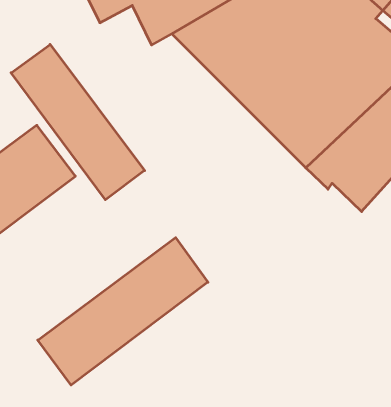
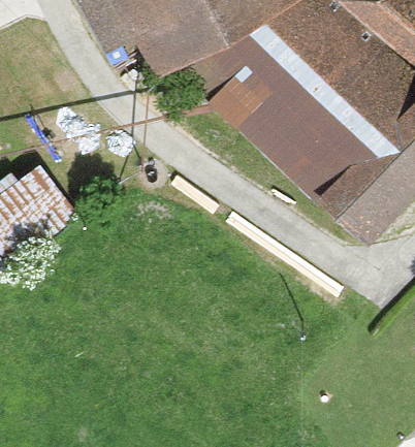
building: [11,44,145,200] -> none
building: [38,238,208,385] -> none

